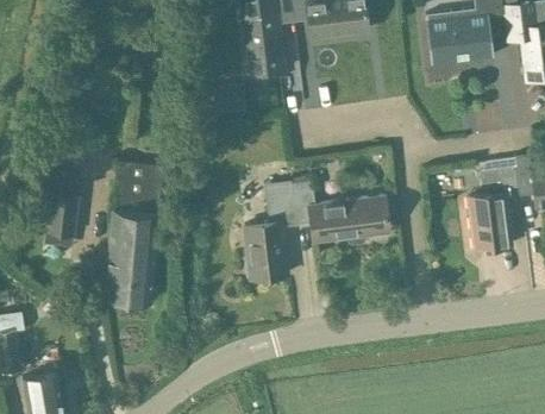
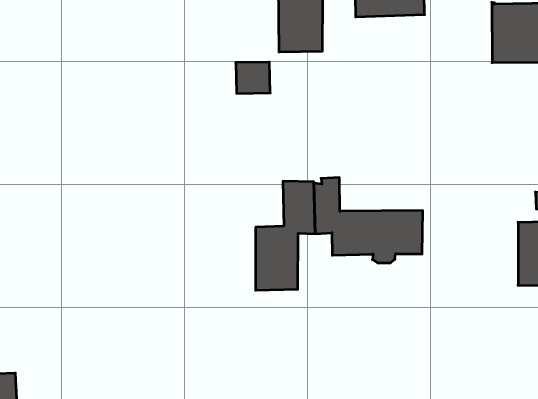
building: [105,162,162,303] -> none
building: [46,194,80,236] -> none

